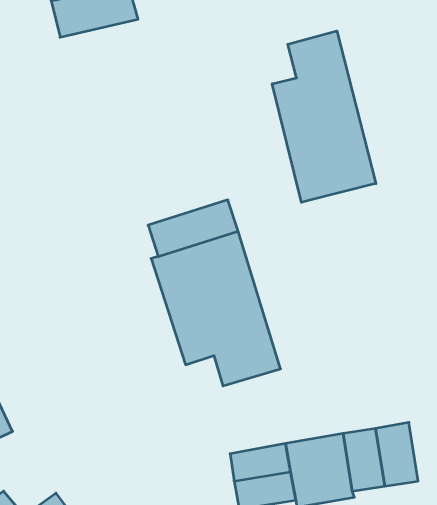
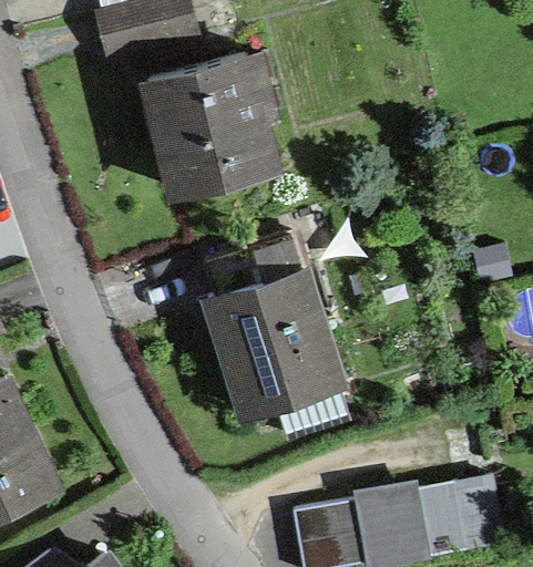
building: [272,31,376,202] -> none
building: none -> [148,53,274,192]

